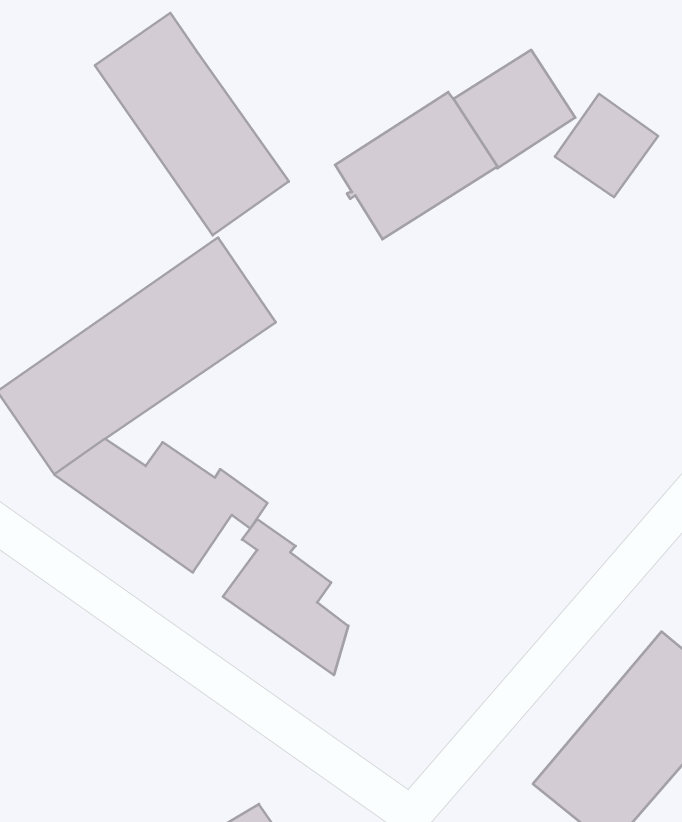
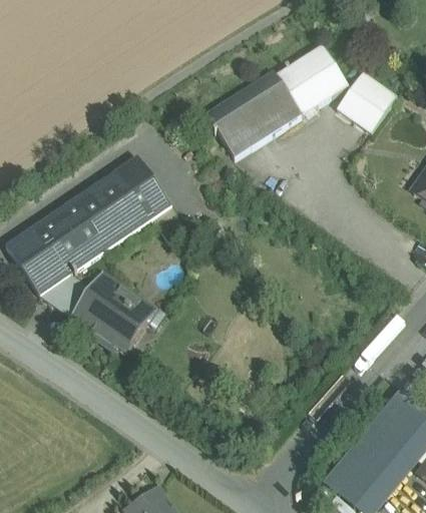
building: [95,13,289,235] -> none
building: [223,519,348,675] -> none

